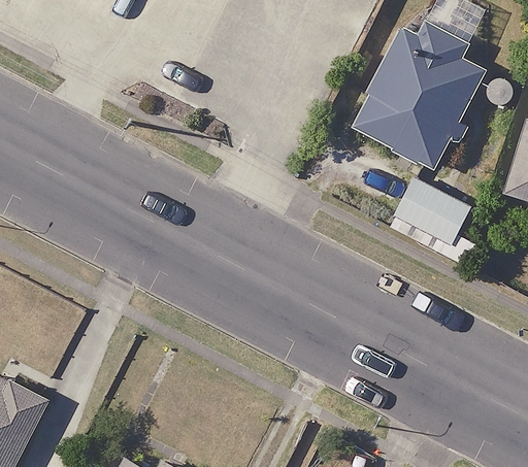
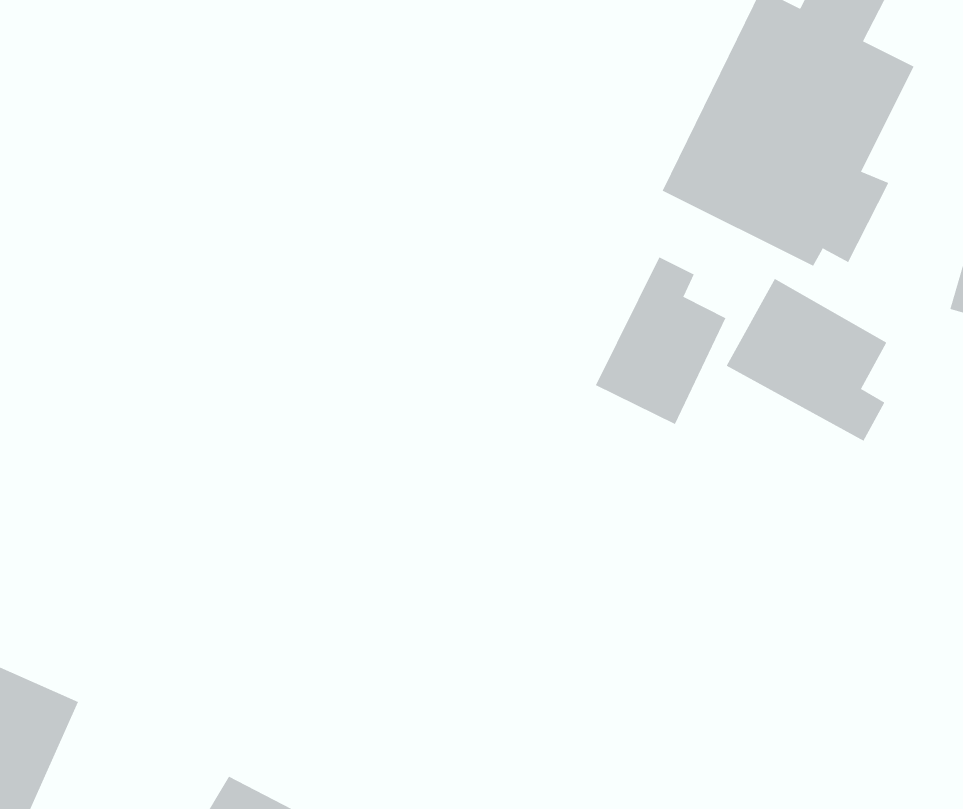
building: none -> [595,257,726,425]

